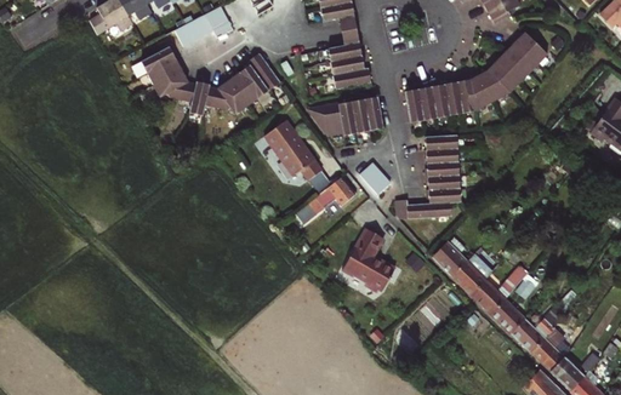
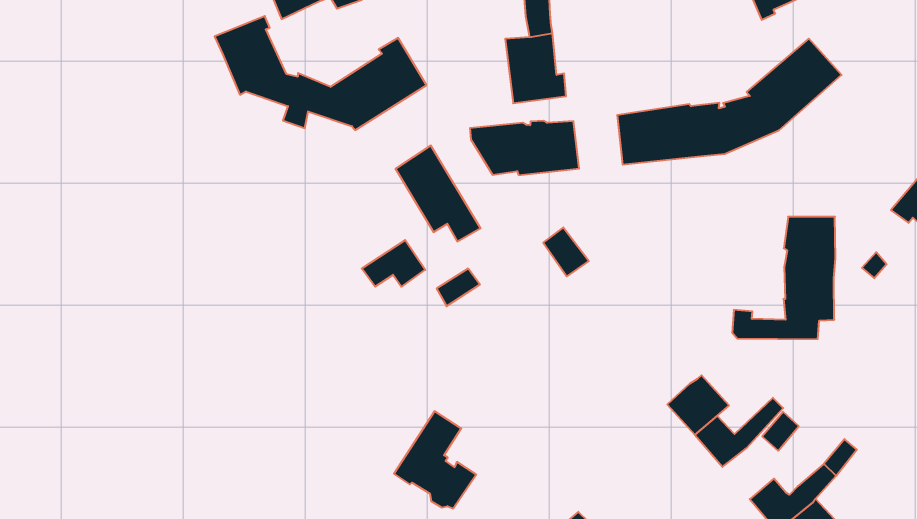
building: [395,134,461,218] -> [732,217,835,339]
building: [315,176,357,207] -> [362,240,425,287]
building: [342,227,395,288] -> [394,411,476,508]
building: [433,242,466,275] -> none
building: [491,299,525,332] -> none

